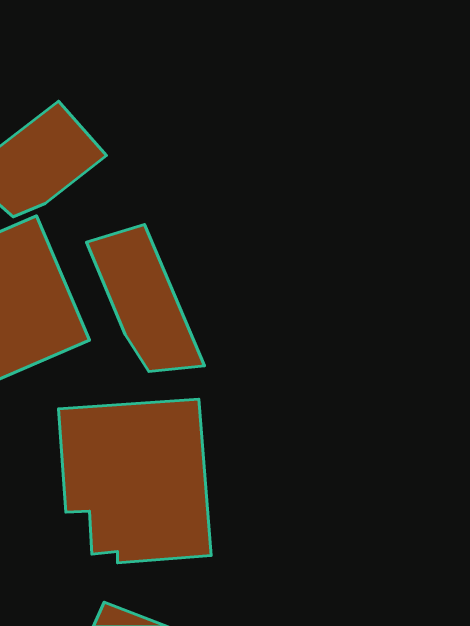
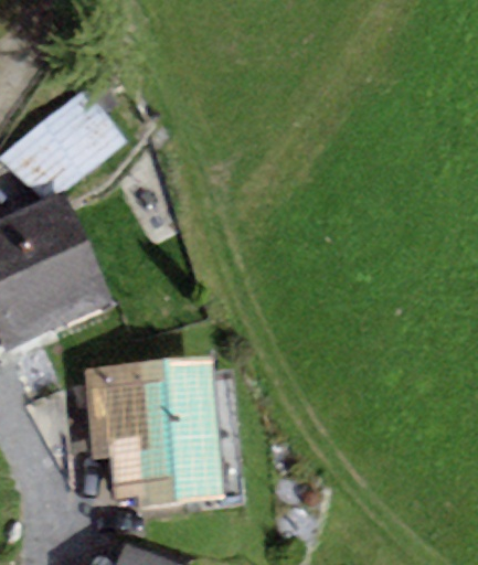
building: [86,225,204,372] -> none

